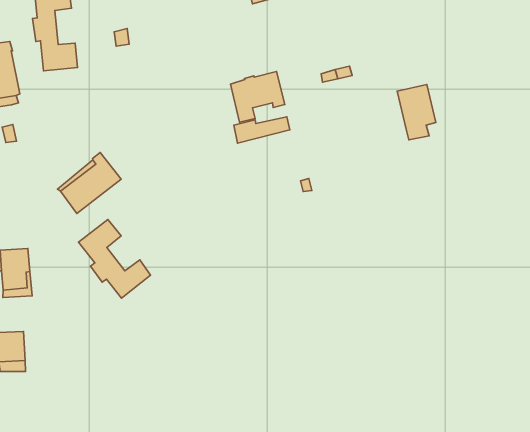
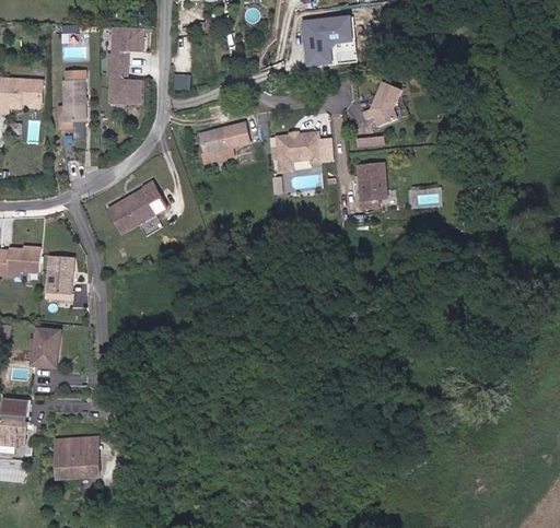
building: none -> [362,82,399,126]
building: none -> [199,122,248,162]
building: [397,85,436,140] -> [357,163,387,210]
building: [79,220,151,298] -> none

